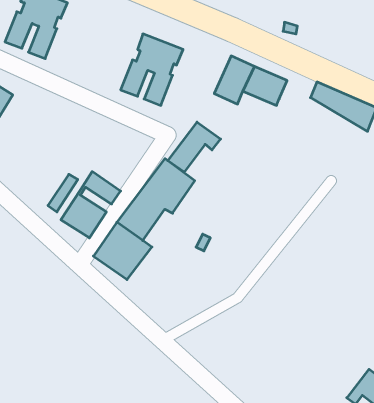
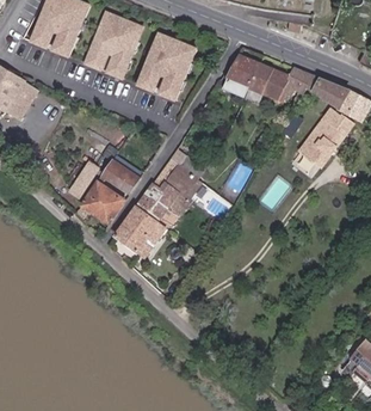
building: none -> [84,12,142,78]
building: none -> [283,67,317,98]
building: none -> [298,109,353,170]
building: [168,122,221,172] -> none

